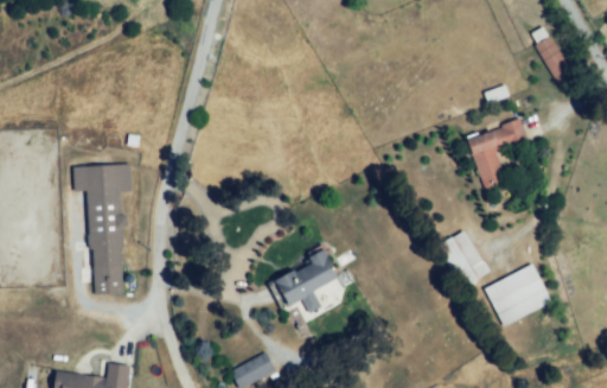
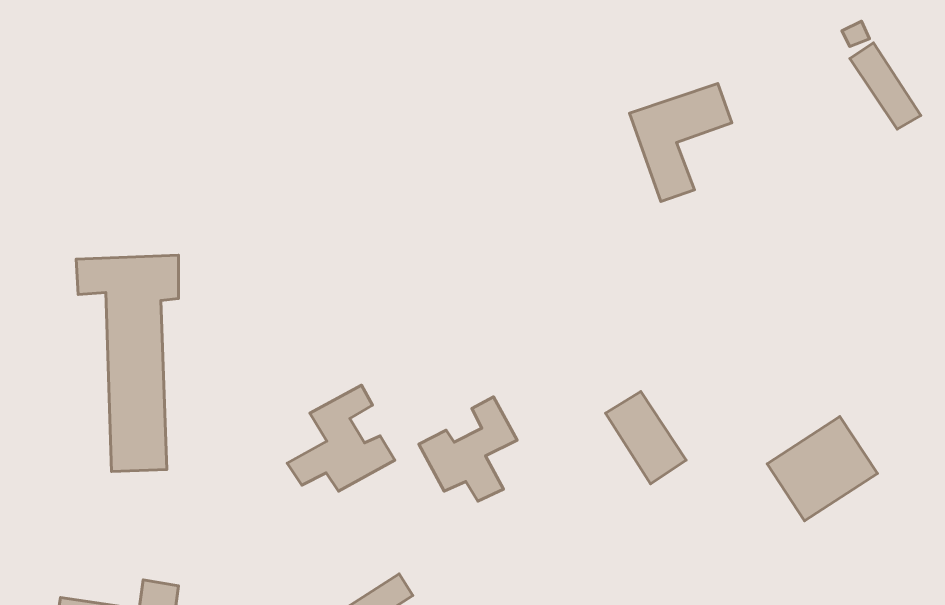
building: [467,120,529,191] -> [629,84,732,202]
building: [441,228,490,284] -> [605,391,686,484]
building: none -> [287,385,395,491]

